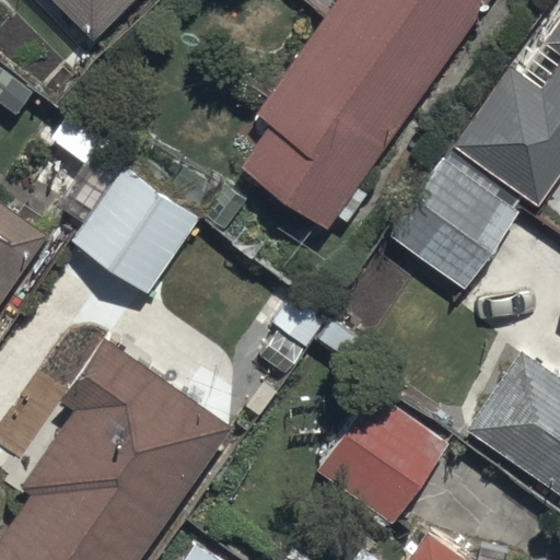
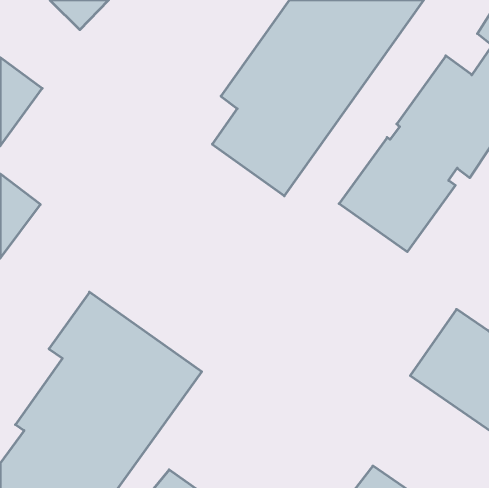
building: [54,145,202,298] -> none
building: [314,387,451,526] -> none

